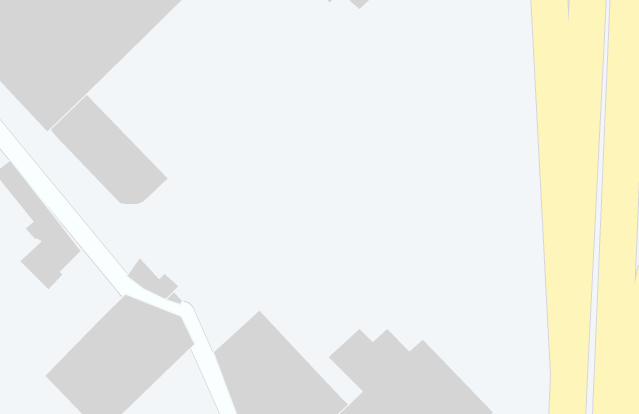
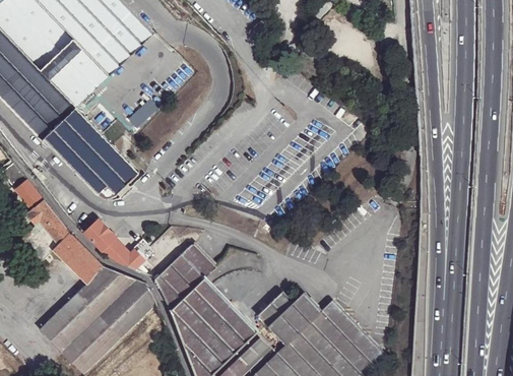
building: none -> [84,217,115,250]
building: none -> [52,231,102,281]
building: none -> [152,242,216,309]

